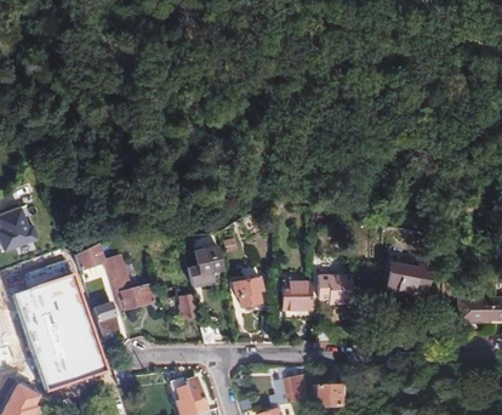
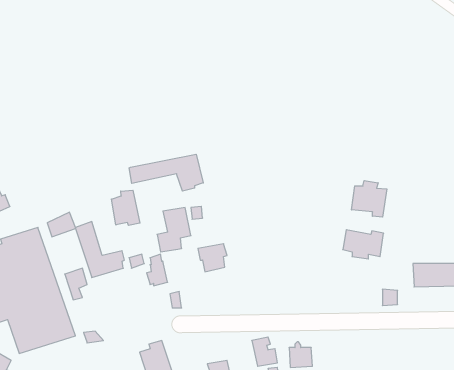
building: none -> [129,154,203,191]
building: none -> [352,181,387,217]
building: none -> [111,190,140,225]
building: [316,275,349,302] -> none
building: [283,280,309,311] -> none

